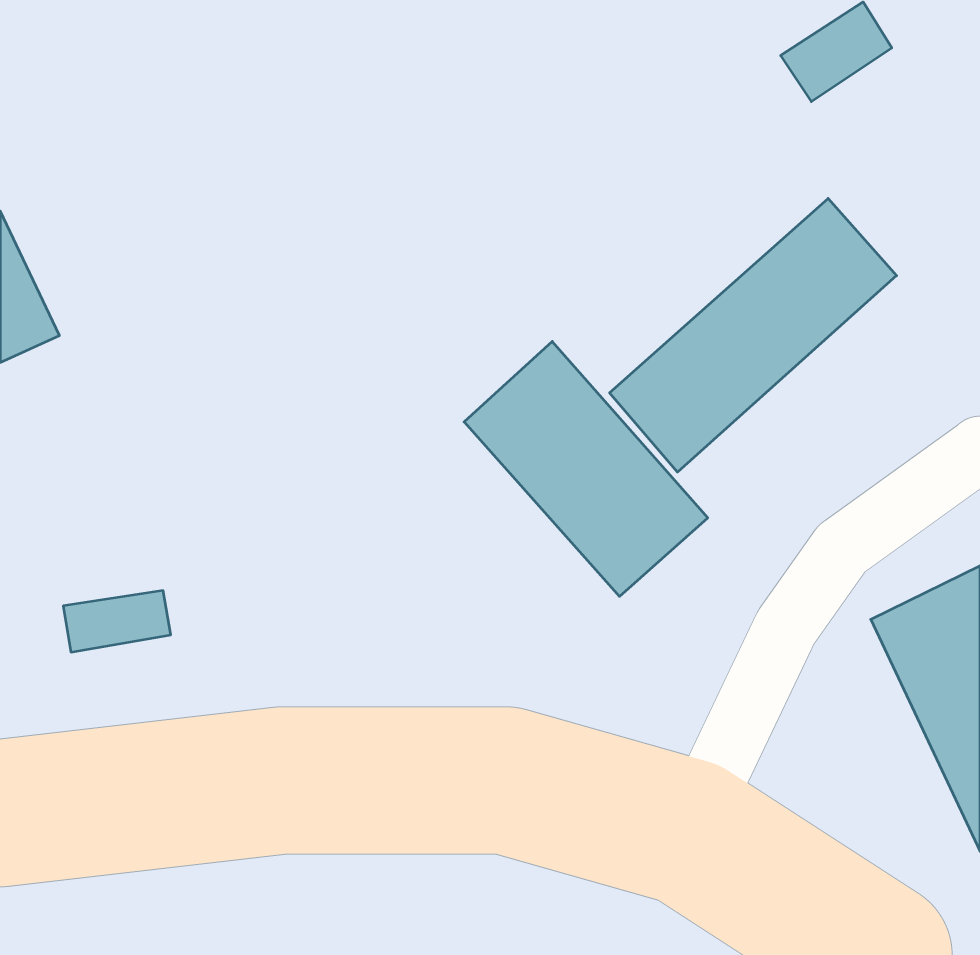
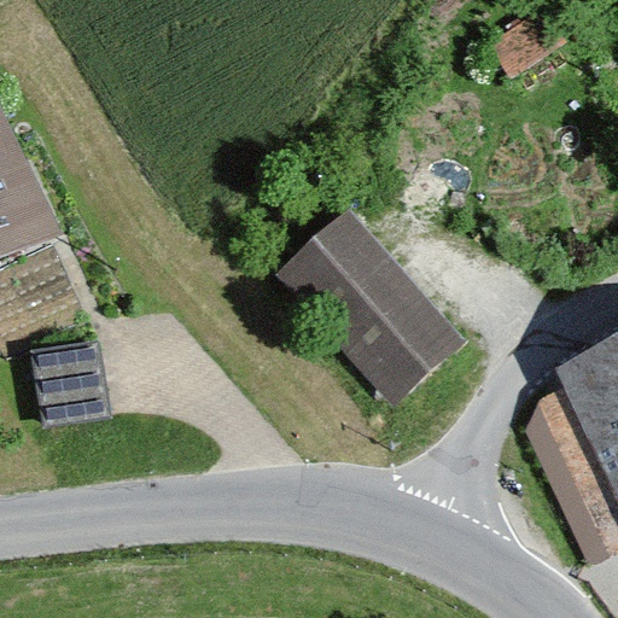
building: [610,198,897,472] -> none

